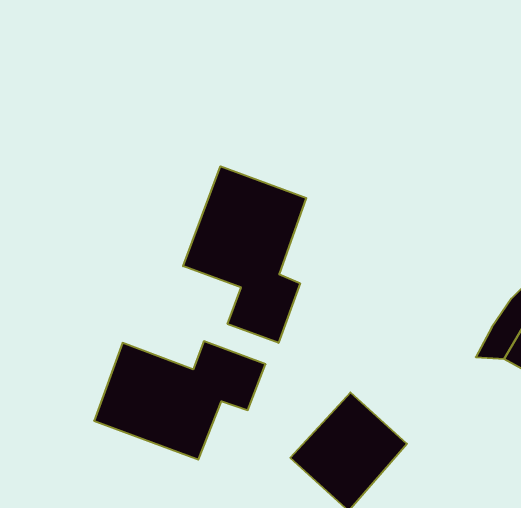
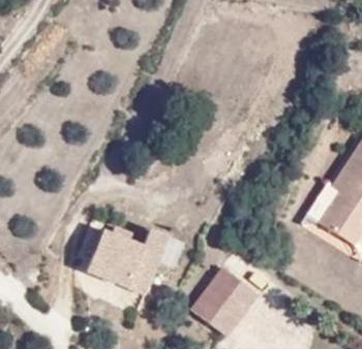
building: [183,166,306,343] -> none

